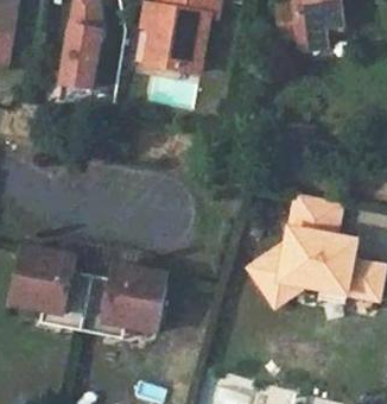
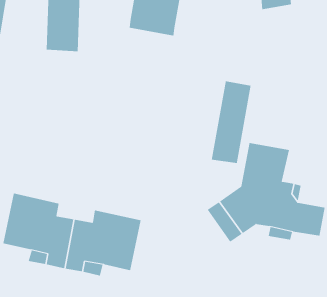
building: none -> [211,80,251,164]

